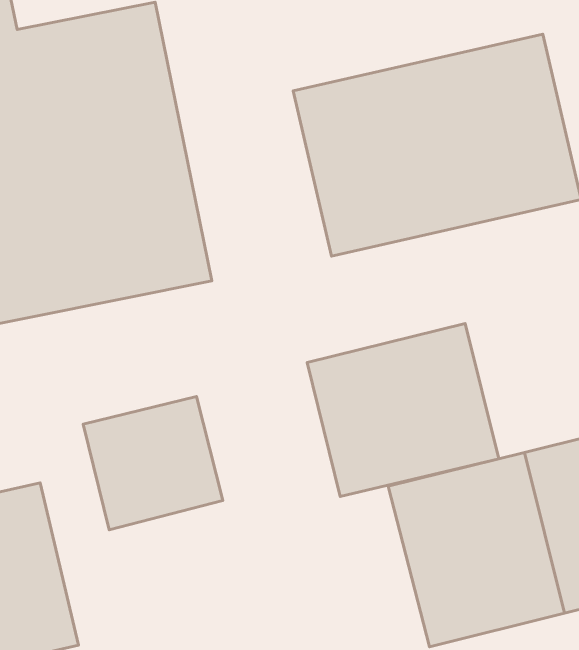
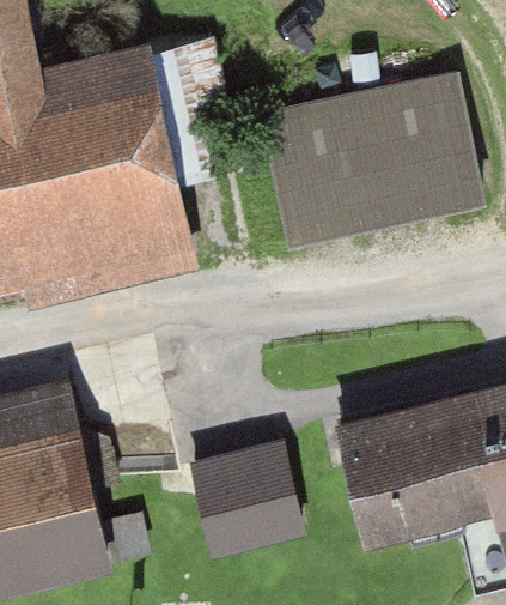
building: [307,324,499,496] -> none
building: [83,396,223,530] -> [183,444,292,549]

